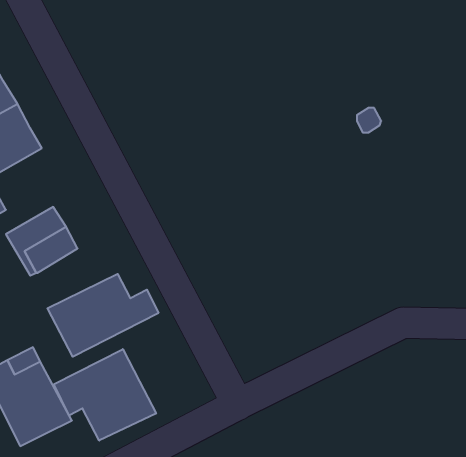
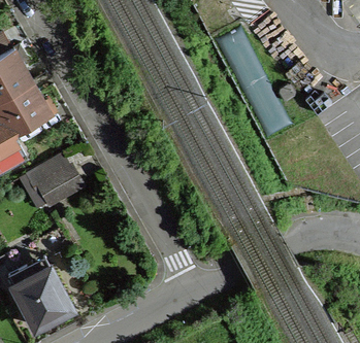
building: [47,274,158,357] -> none
building: [54,349,156,441] -> none

